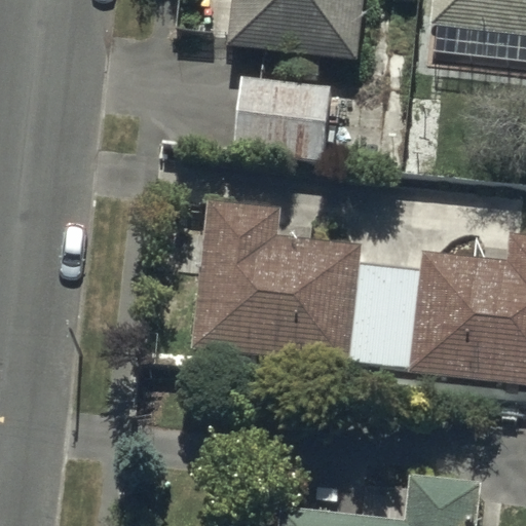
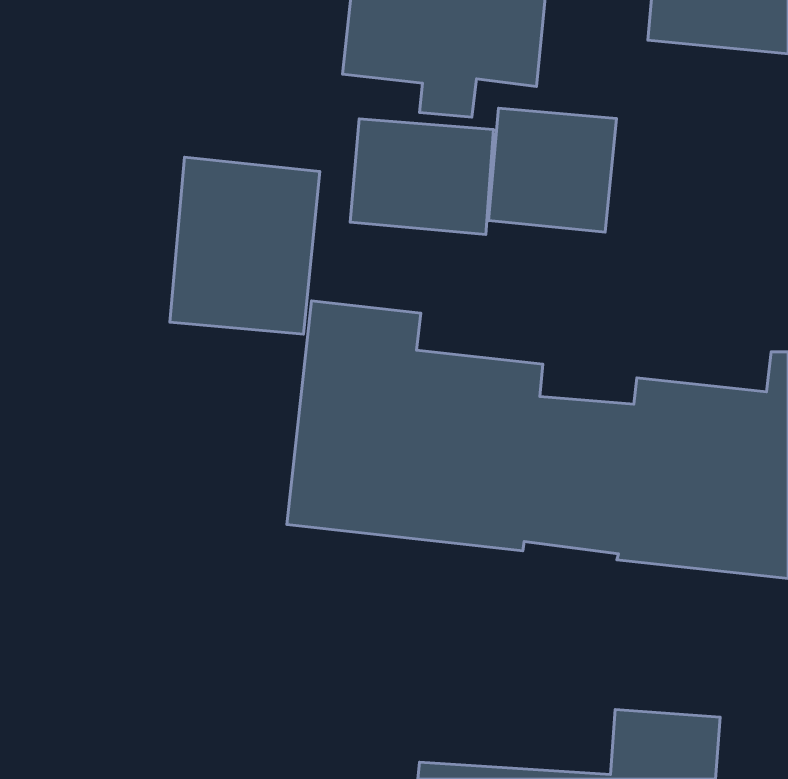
building: none -> [489,108,617,232]
building: none -> [170,157,320,334]

